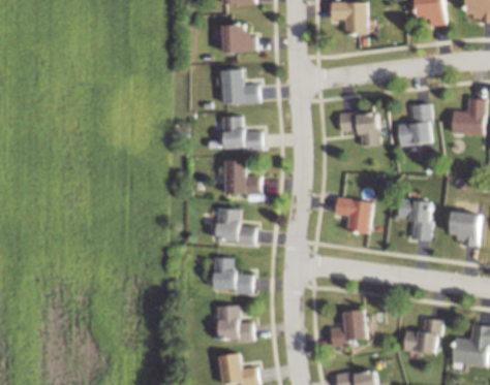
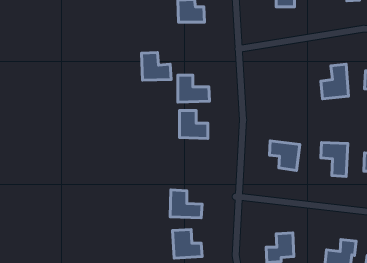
building: [221,69,257,103] -> [142,52,171,80]
building: [339,111,378,146] -> none
building: [215,207,254,243] -> none

